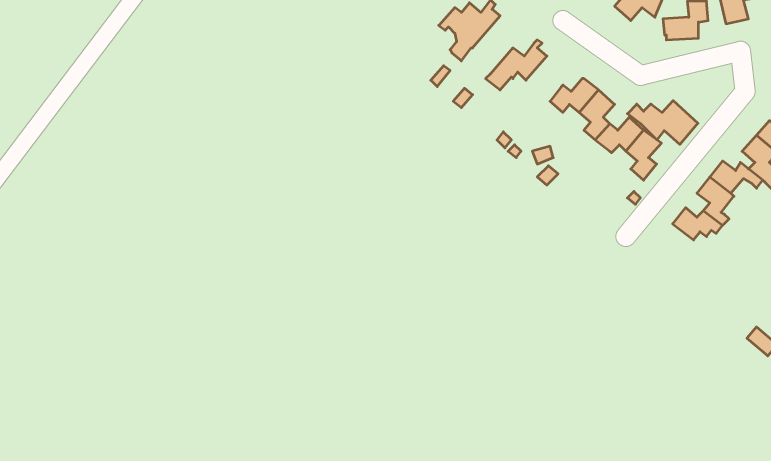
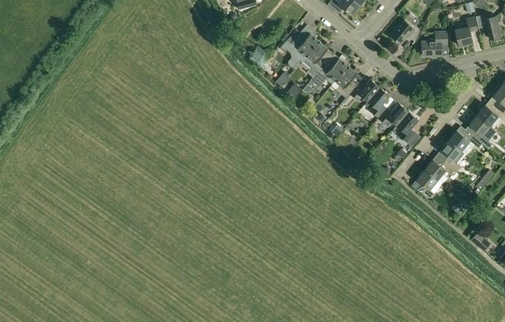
building: none -> [302,40,331,76]
building: none -> [335,65,360,97]
building: [627,101,698,144] -> none
building: none -> [417,169,442,197]

